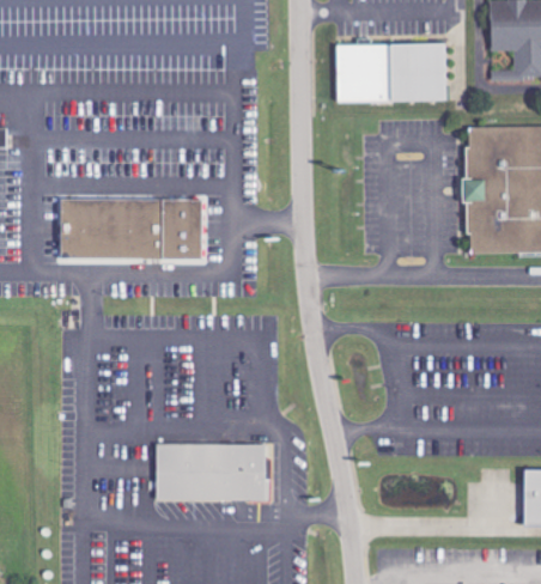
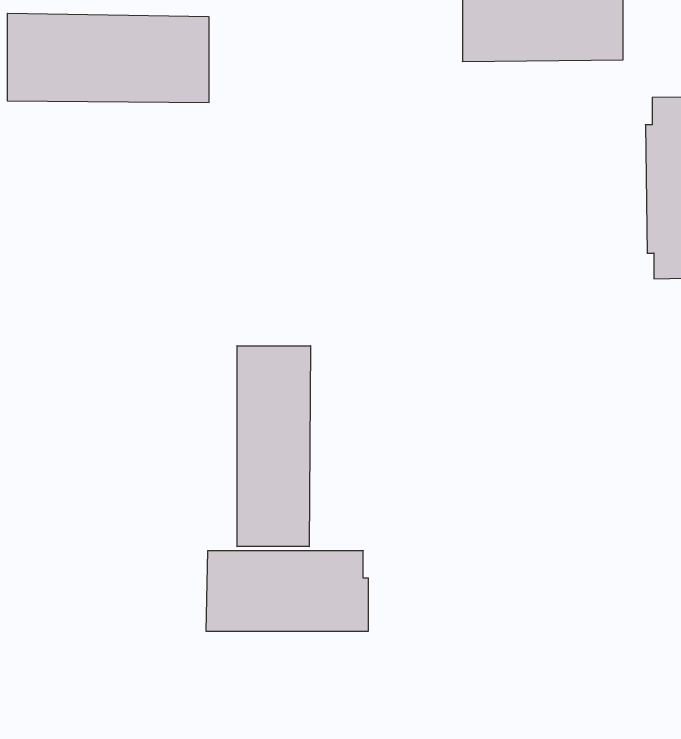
building: [61,199,202,261] -> [7,13,209,102]
building: none -> [237,346,311,547]

